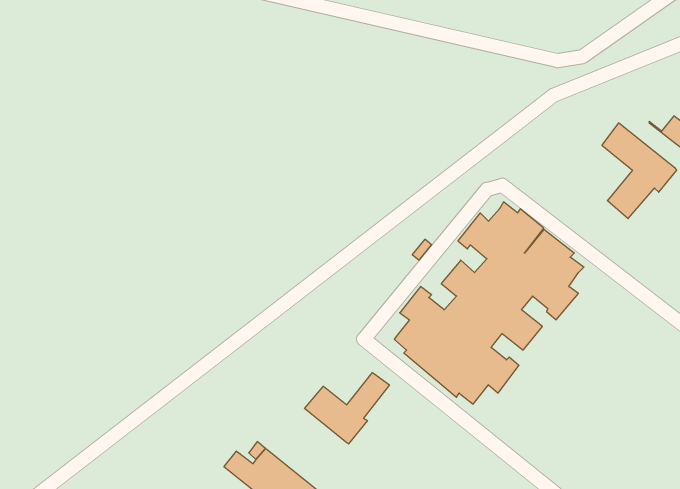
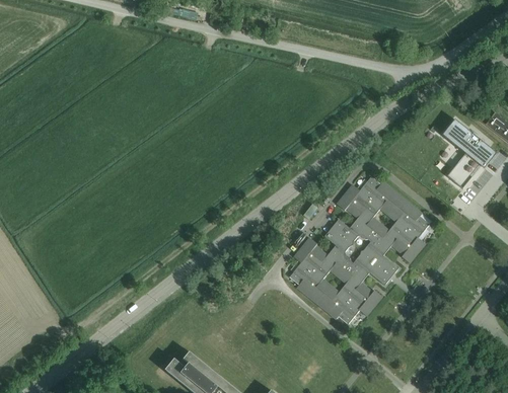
building: [305,373,389,444] -> none

